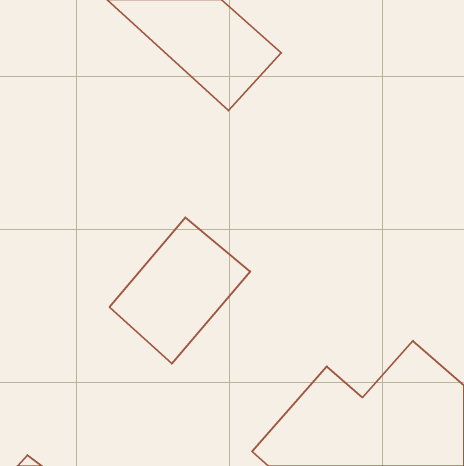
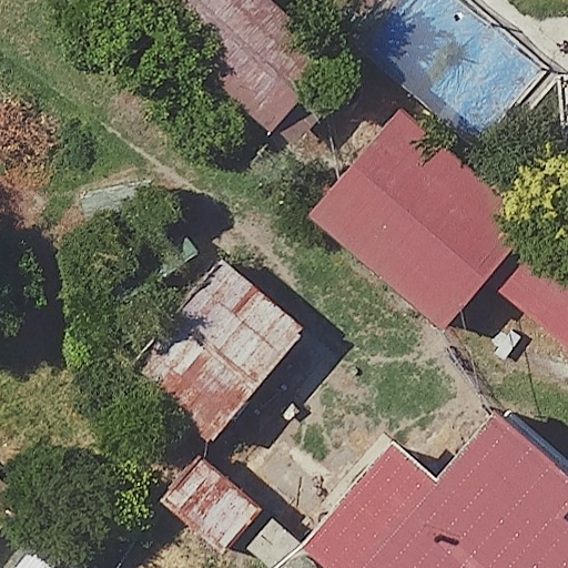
building: none -> [314,113,534,327]

